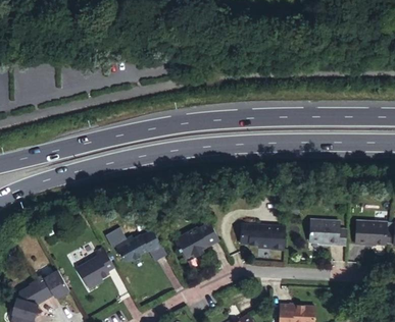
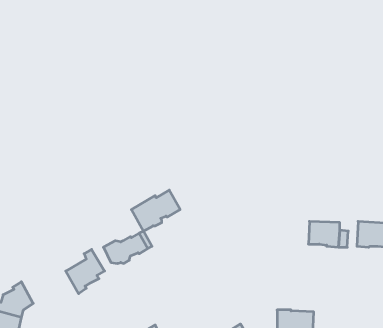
building: [174,221,219,260] -> [131,190,180,231]
building: [239,223,284,250] -> none
building: [36,268,71,298] -> none

